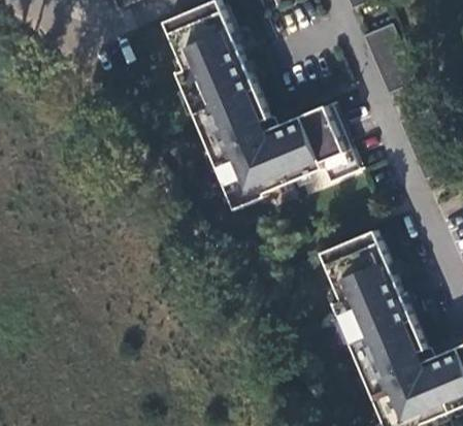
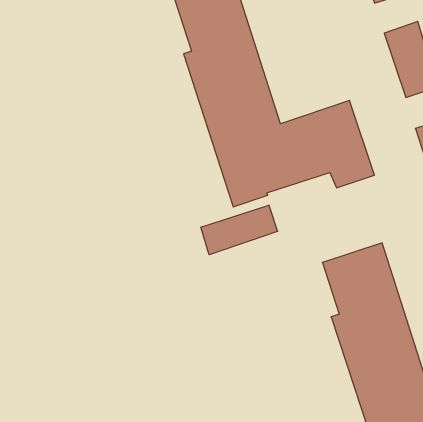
building: none -> [201,205,277,255]

